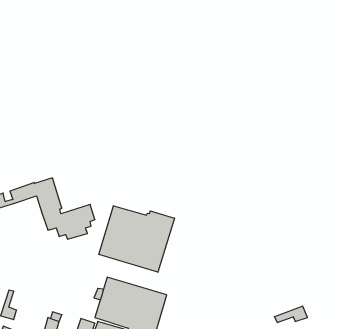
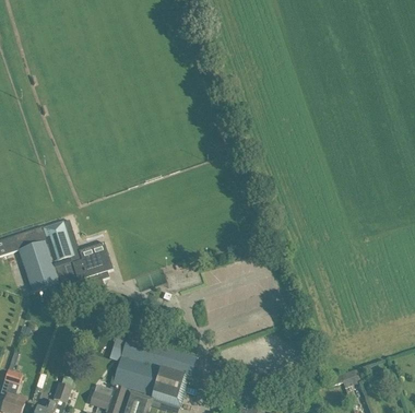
building: none -> [19,240,58,291]
building: [99,206,175,272] -> none

